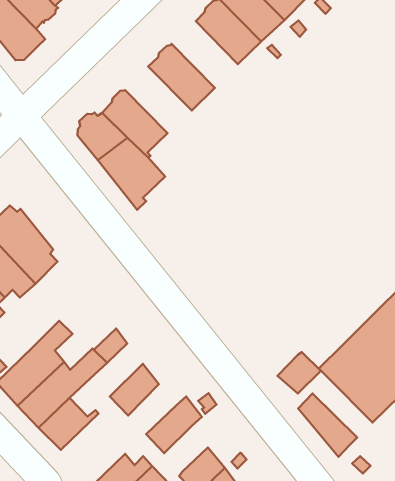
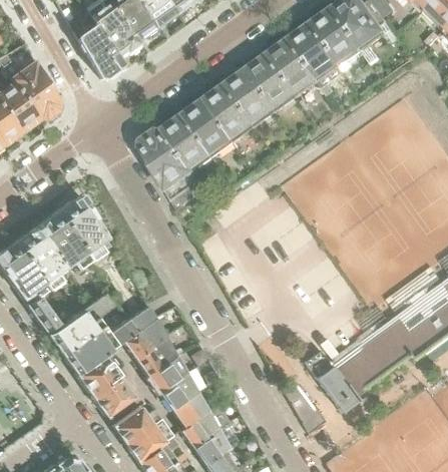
building: none -> [227,69,277,124]
building: none -> [184,99,235,154]
building: none -> [122,316,165,356]
building: [278,352,321,394] -> none
building: none -> [147,352,186,390]
building: none -> [90,368,133,413]
building: none -> [171,389,206,424]

